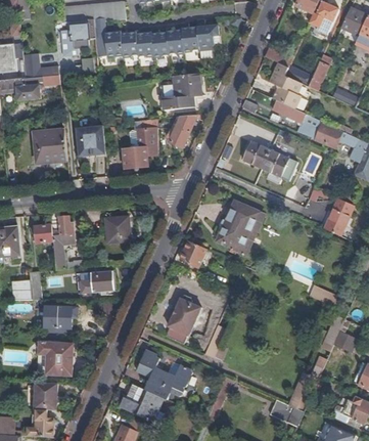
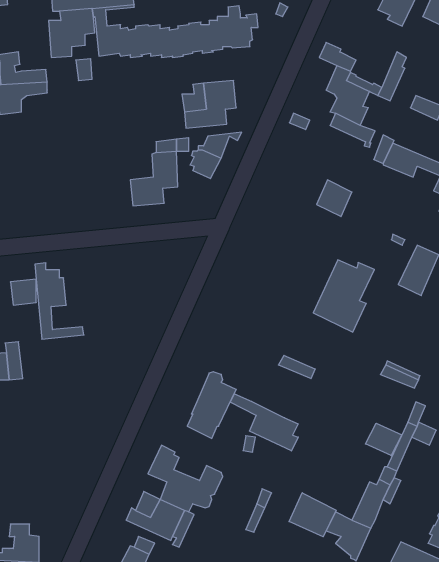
building: [76,127,105,157] -> none
building: [33,130,66,164] -> none
building: [242,141,270,168] -> none
building: [216,201,262,255] -> [313,260,374,332]
building: [109,216,130,241] -> none
building: [180,240,206,267] -> none
building: [80,270,114,295] -> none
building: [43,306,71,335] -> none
building: none -> [230,394,298,451]
building: none -> [365,423,402,456]
building: [39,343,72,374] -> none
building: [35,382,56,409] -> none
building: none -> [289,493,336,537]

